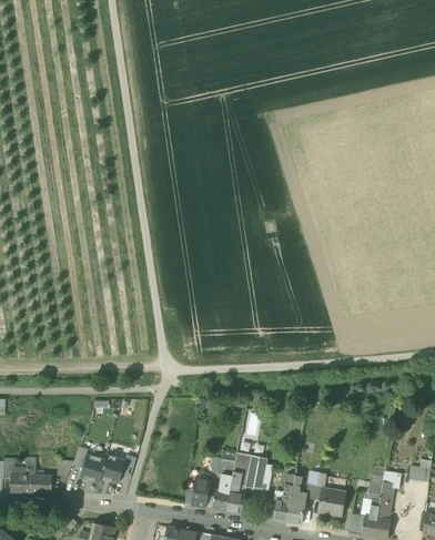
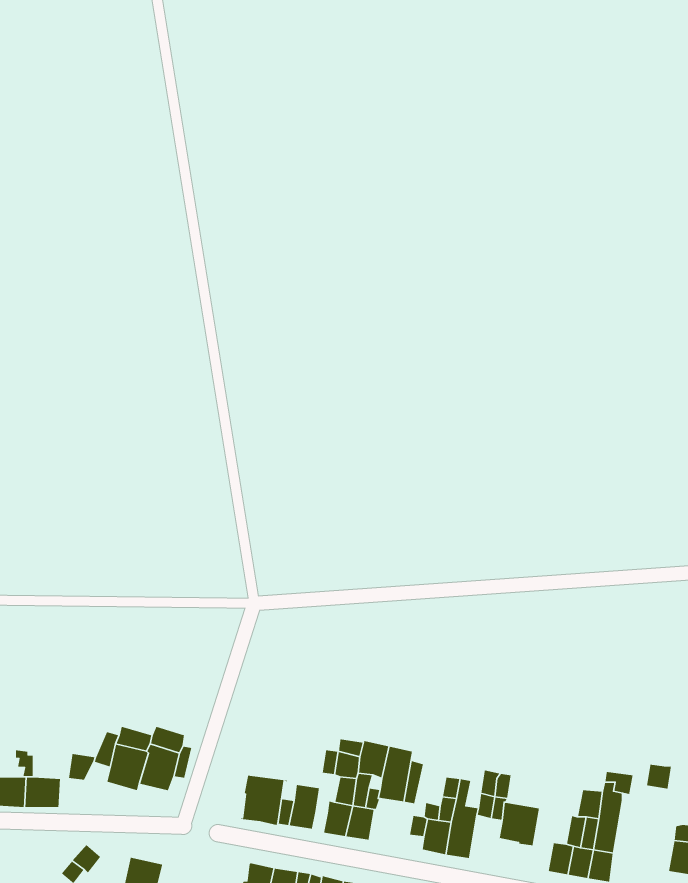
building: none -> [240,775,288,826]

